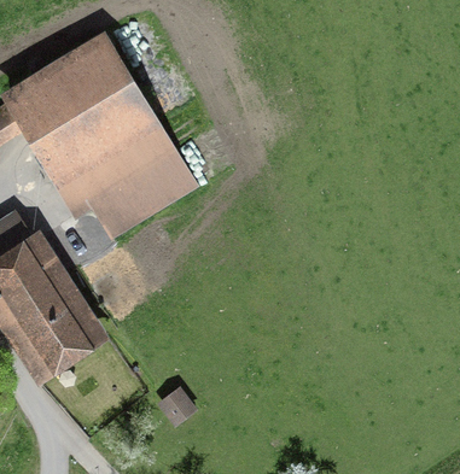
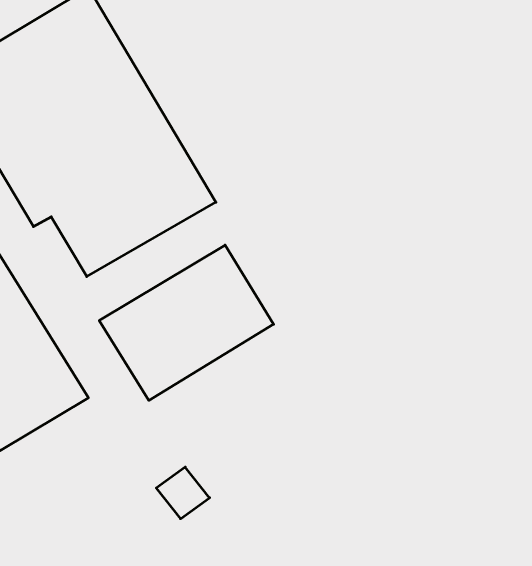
building: none -> [99,245,274,400]

